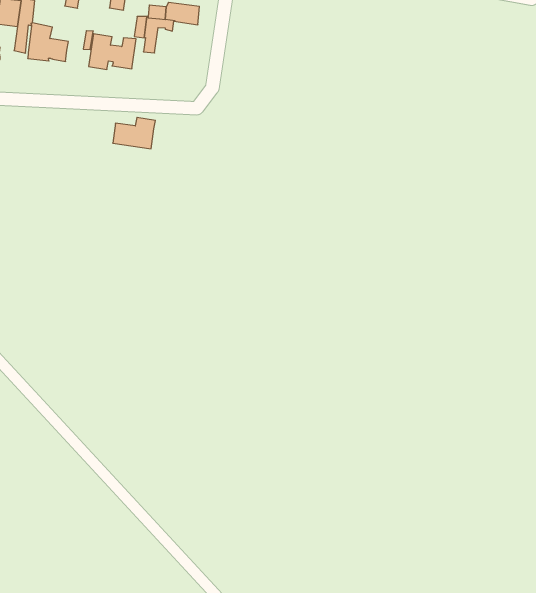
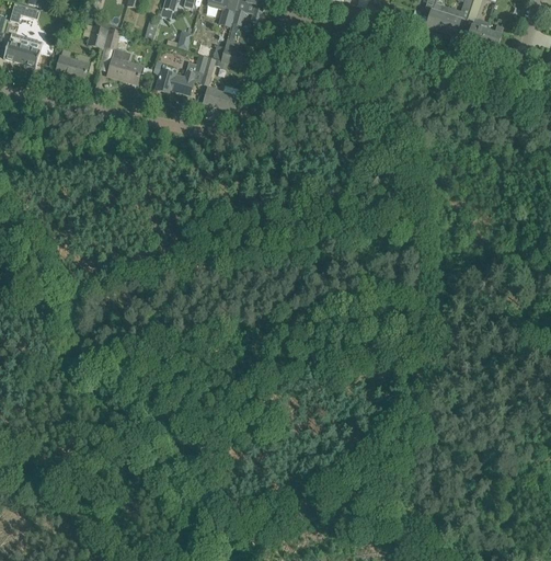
building: [113,117,155,149] -> [204,84,240,111]

